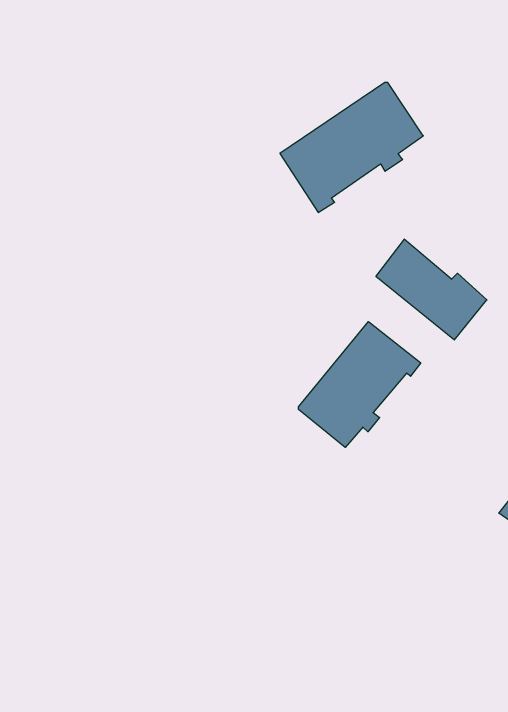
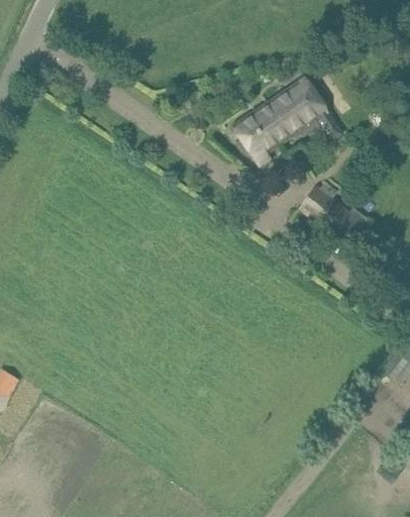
building: [298,322,421,447] -> none

